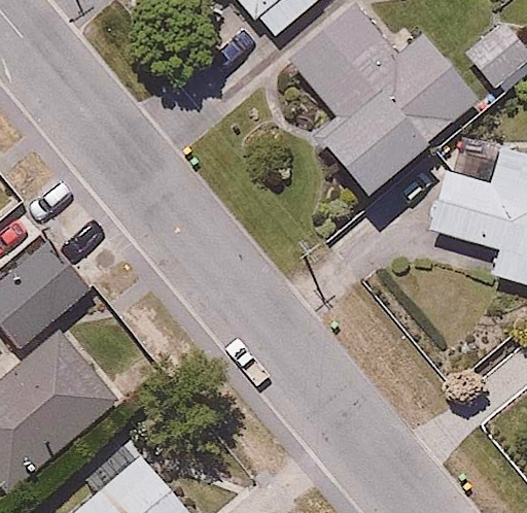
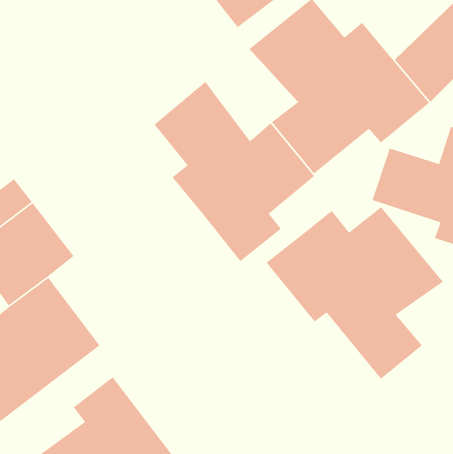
building: none -> [153,81,315,262]
building: none -> [266,206,444,380]

